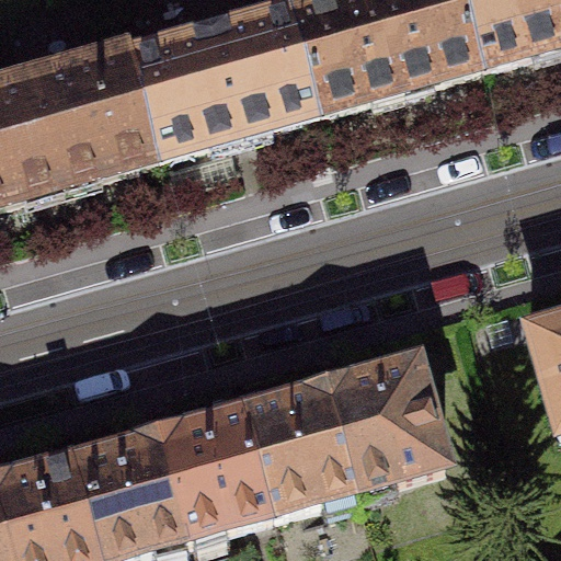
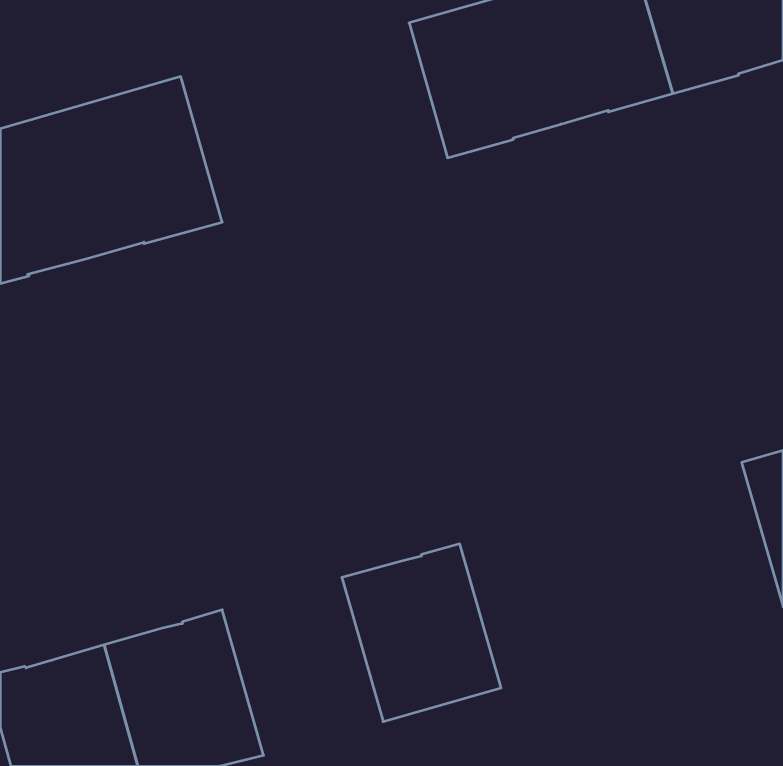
building: [129,16,320,159] -> none
building: [329,364,446,492] -> none
building: [159,413,274,540] -> none

